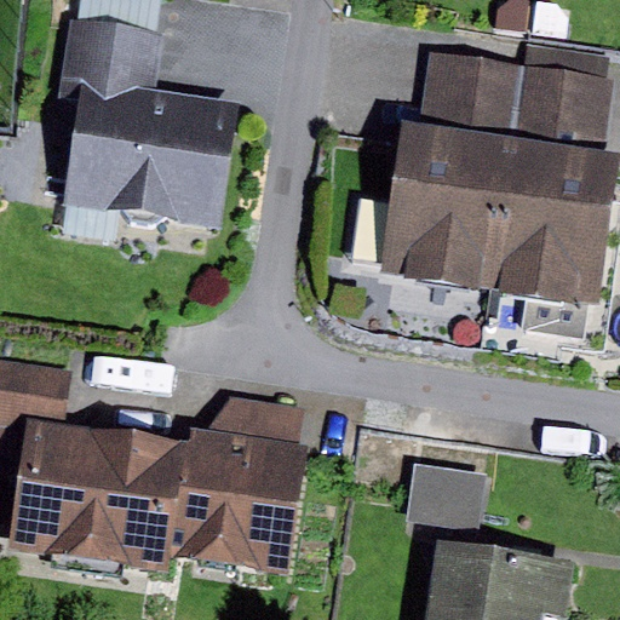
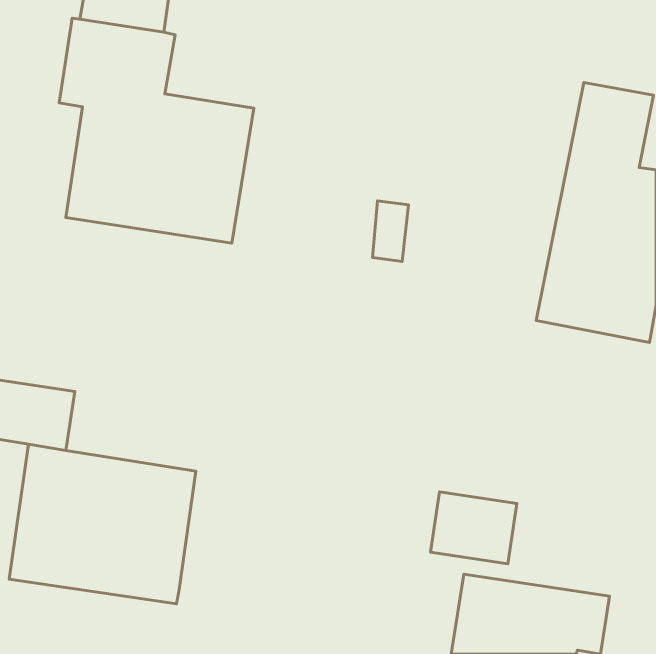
building: [394,52,549,302] -> none
building: [168,395,309,574] -> none

